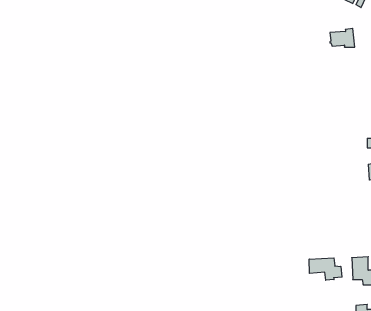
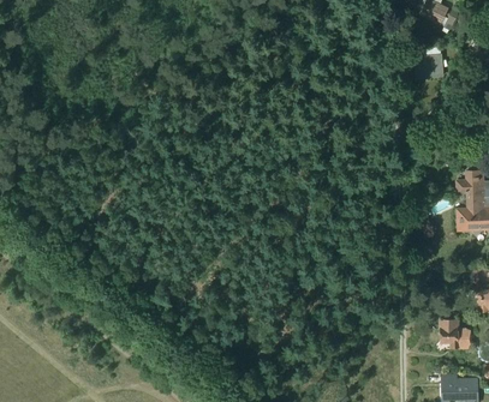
building: [309,258,342,280] -> none

